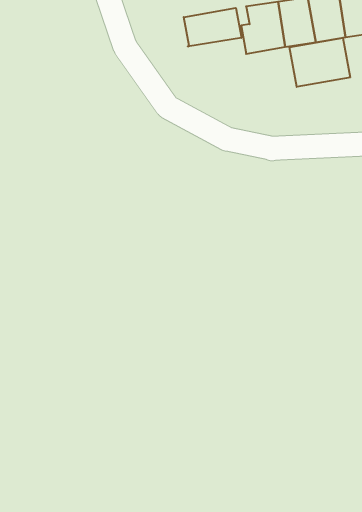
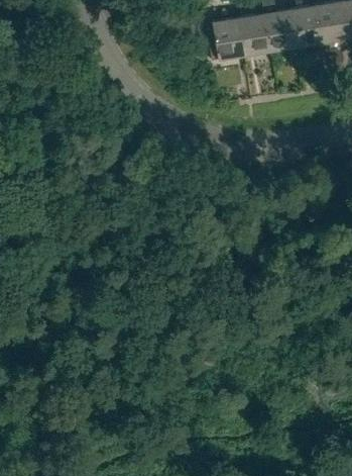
building: [184,8,241,46] -> none
building: [290,38,350,87] -> none

